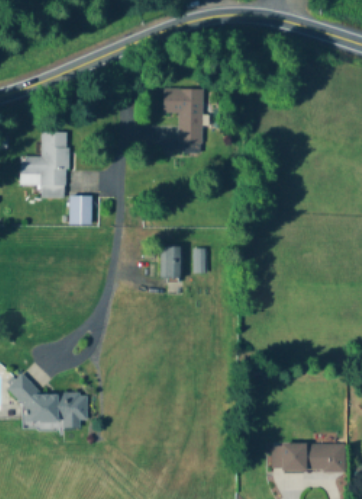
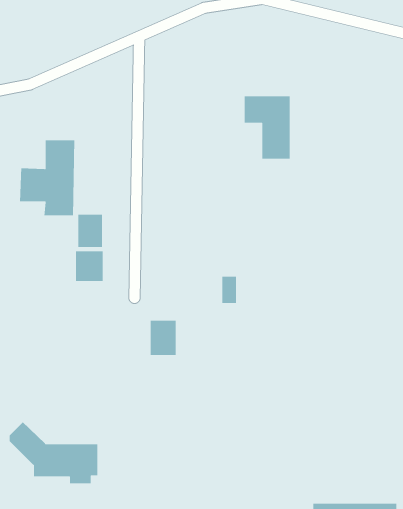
building: [163,89,203,144] -> [244,95,290,159]
building: none -> [75,250,104,282]
building: [160,247,183,278] -> [150,320,176,356]

